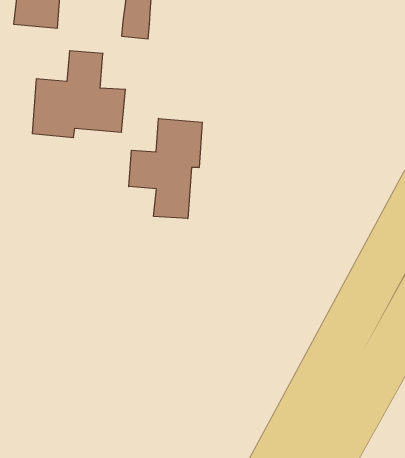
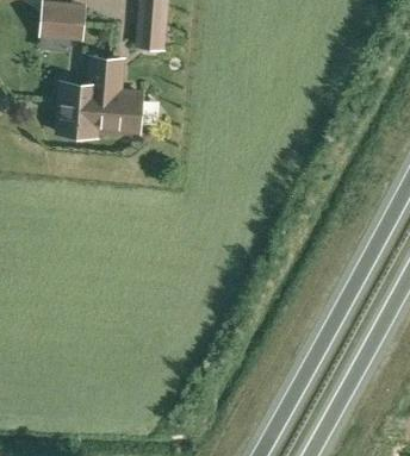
building: [129,118,202,219] -> none

